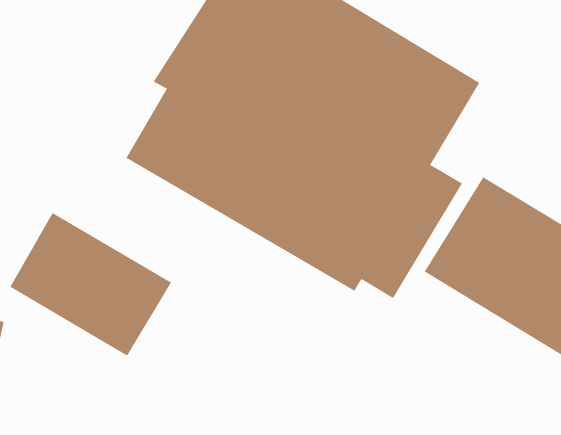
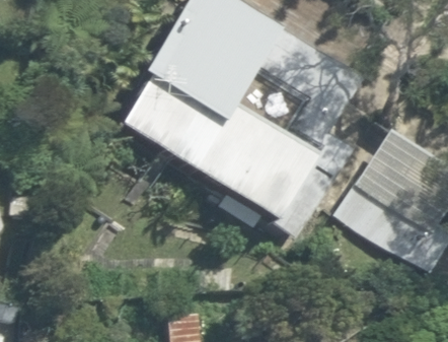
building: [9,212,172,356] -> none

